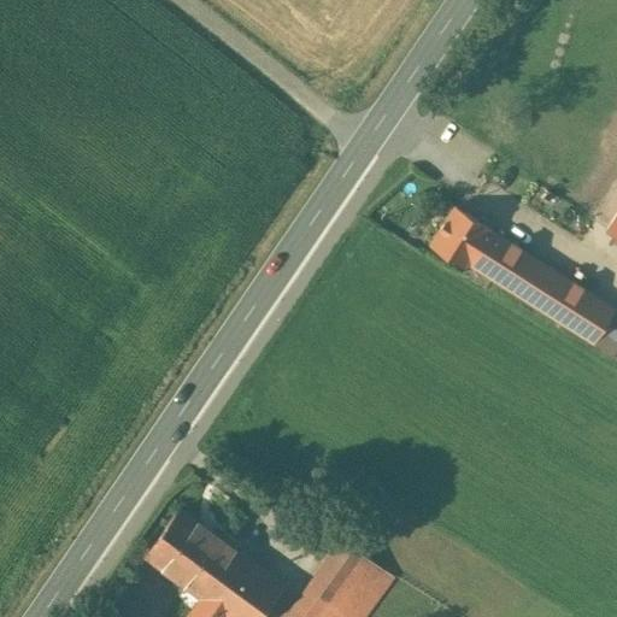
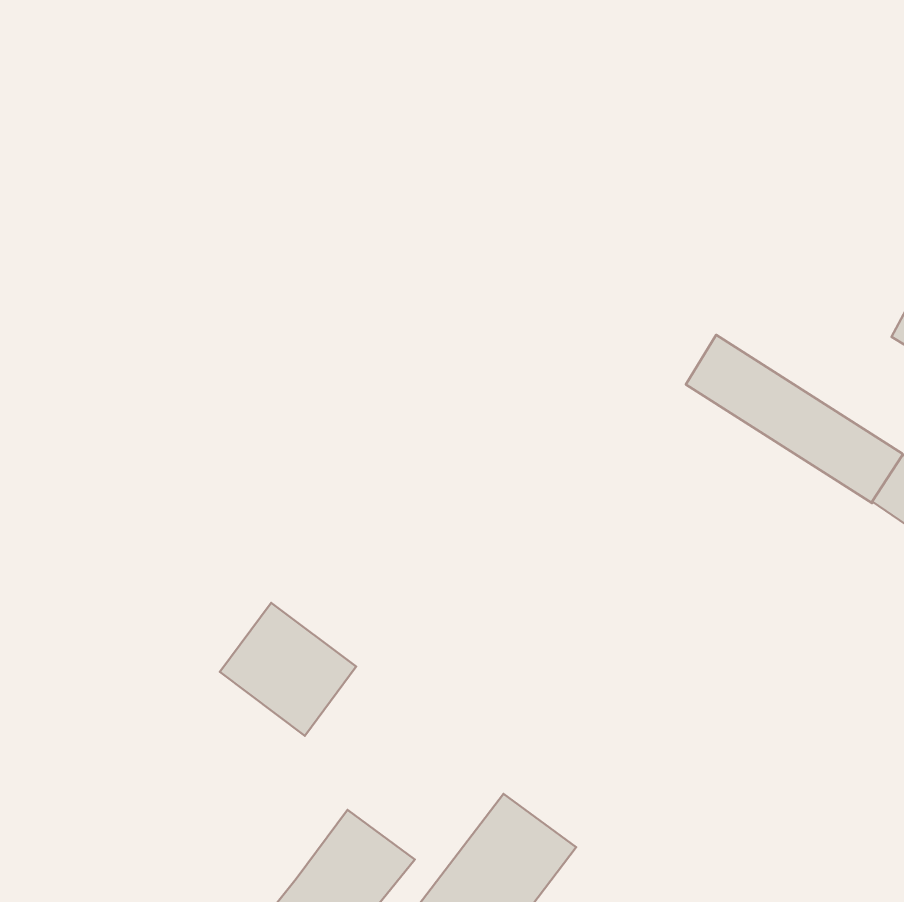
building: [429,207,489,269] -> none
building: [145,510,237,600] -> [220,603,356,736]

